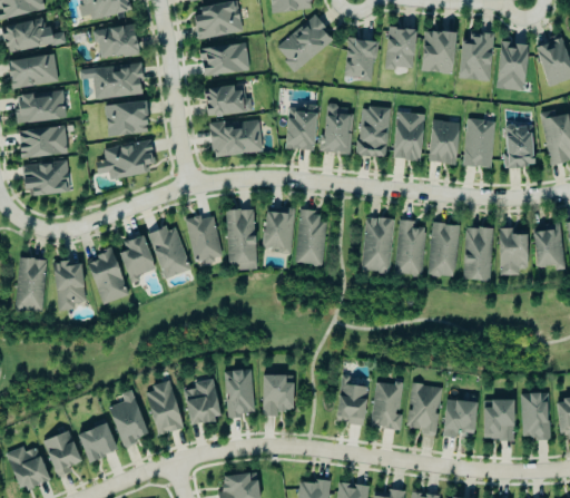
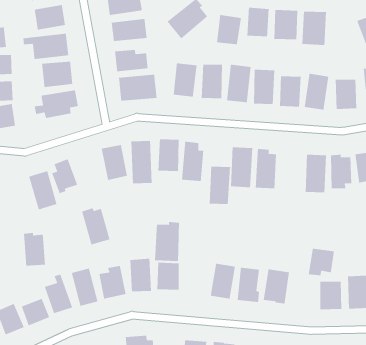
building: [498,41,527,89] -> none
building: [429,223,459,276] -> [209,166,231,205]
building: [149,226,189,279] -> [81,207,110,245]
building: [53,261,85,307] -> [23,232,46,267]
building: none -> [154,221,180,262]
building: [441,399,478,438] -> [308,248,335,276]

